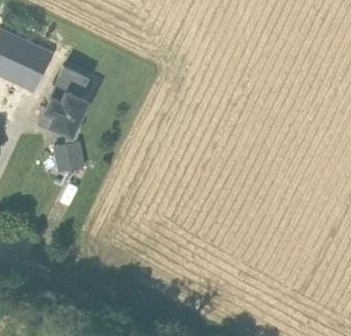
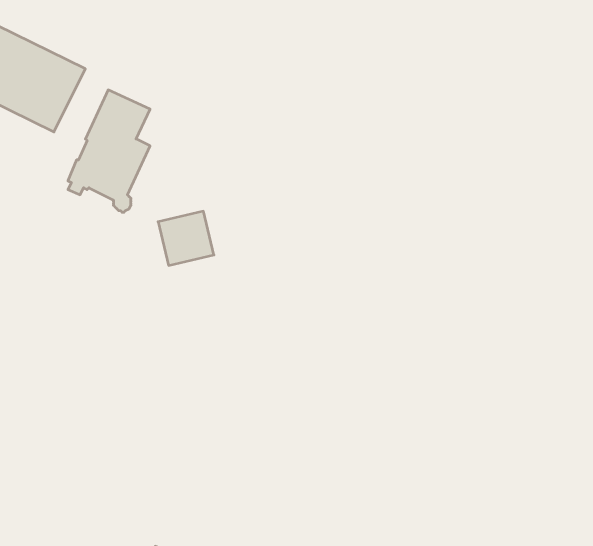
building: [59,141,92,173] -> [158,211,214,265]

